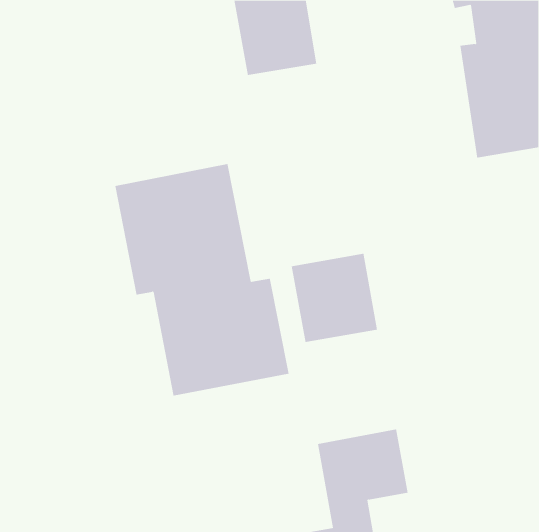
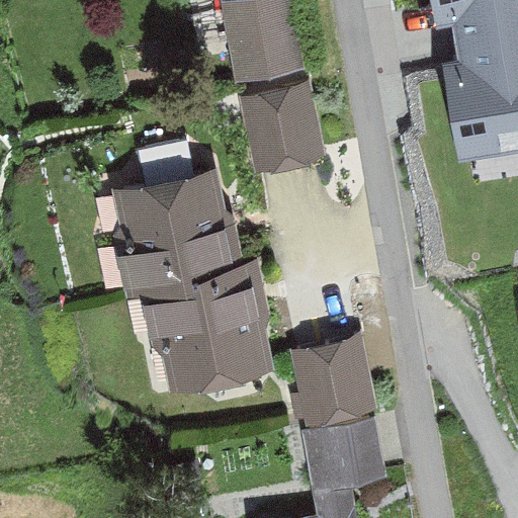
building: none -> [249,88,325,171]
building: [291,253,378,342] -> [293,337,376,422]

